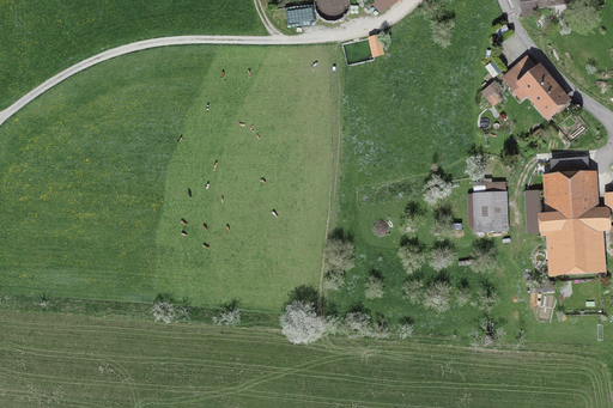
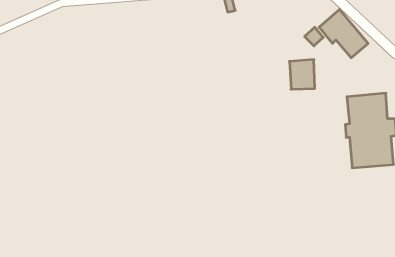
building: [471,189,506,231] -> [289,60,315,89]

